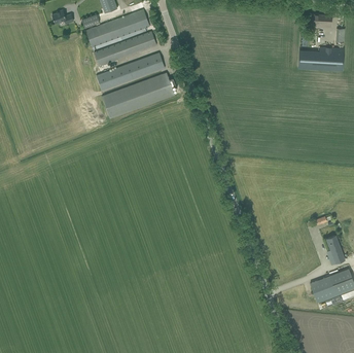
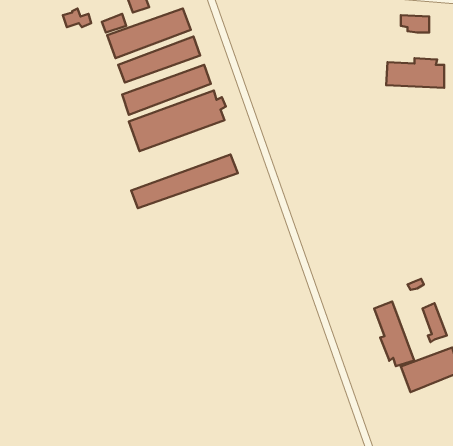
building: none -> [131,155,238,208]
building: none -> [374,302,414,366]

